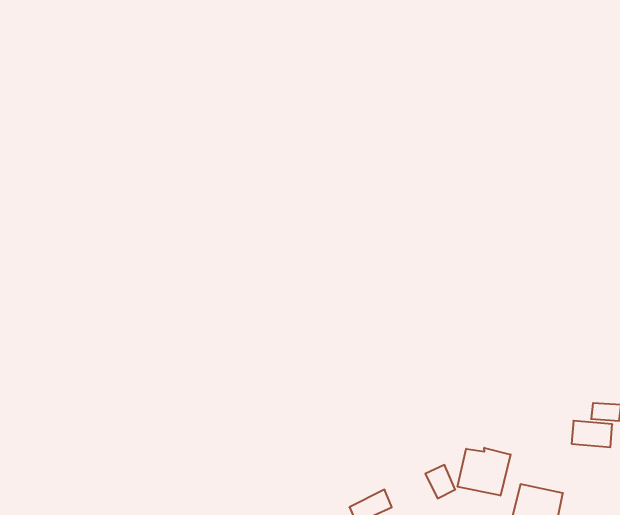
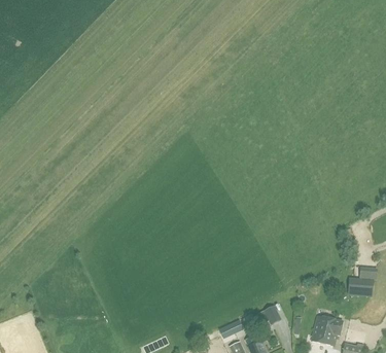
building: [458,448,511,496] -> none

